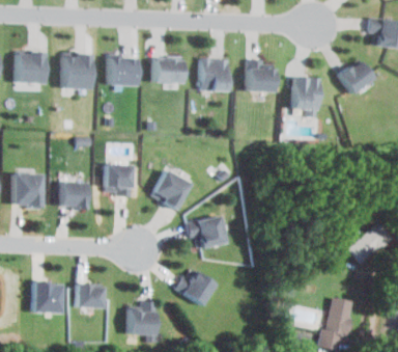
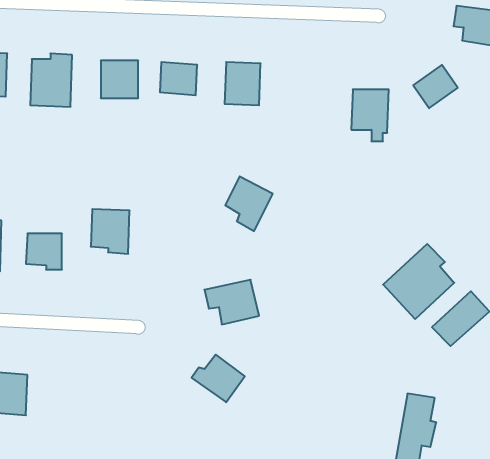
building: [246,59,272,90] -> none
building: [155,170,190,210] -> [225,176,273,231]
building: none -> [383,244,454,319]
building: [75,283,101,308] -> none
building: [125,300,153,333] -> none

